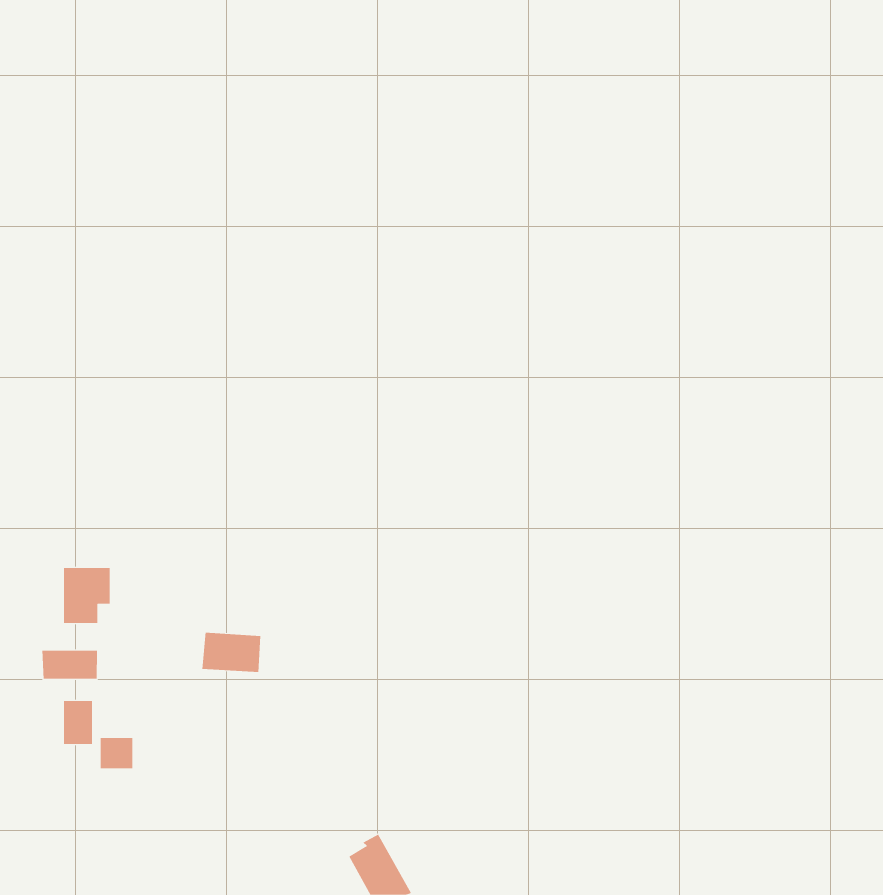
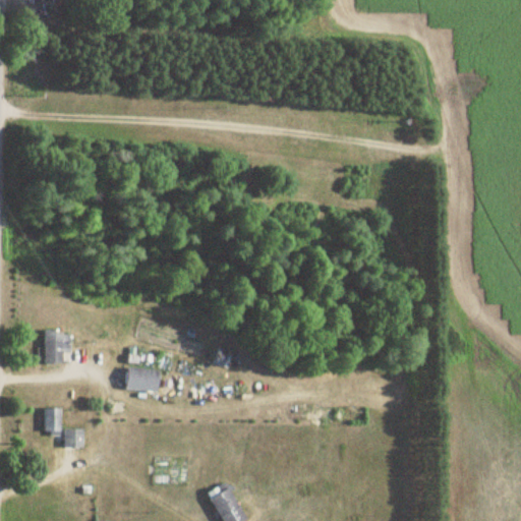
building: [42,650,98,680] -> none

